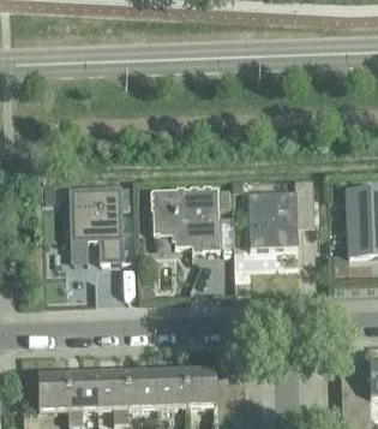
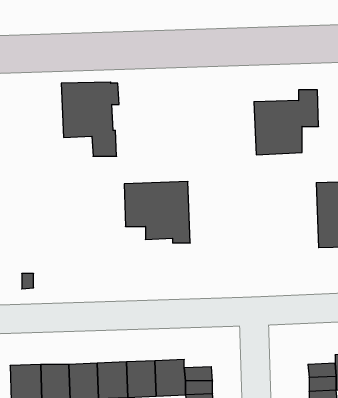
building: [250,180,316,246] -> [254,90,319,155]
building: [70,186,128,262] -> [61,82,119,156]

